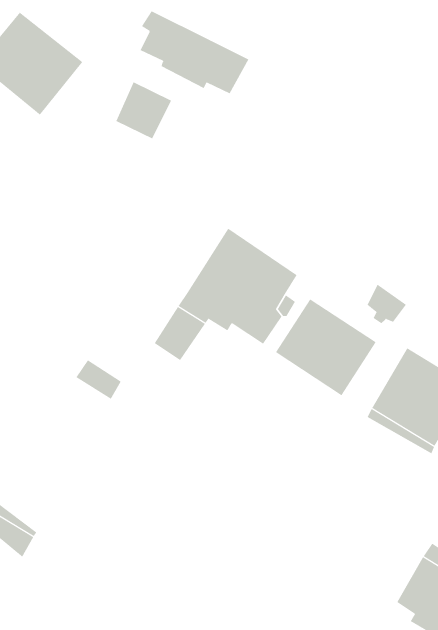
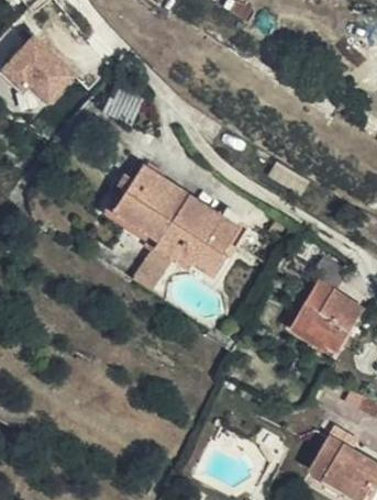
building: [140,10,249,94] -> none
building: none -> [103,159,186,241]
building: [275,298,376,396] -> none

